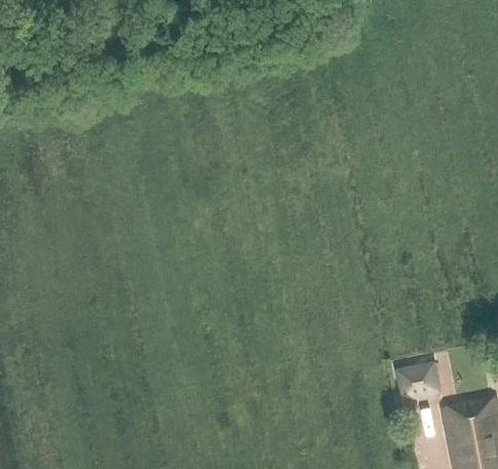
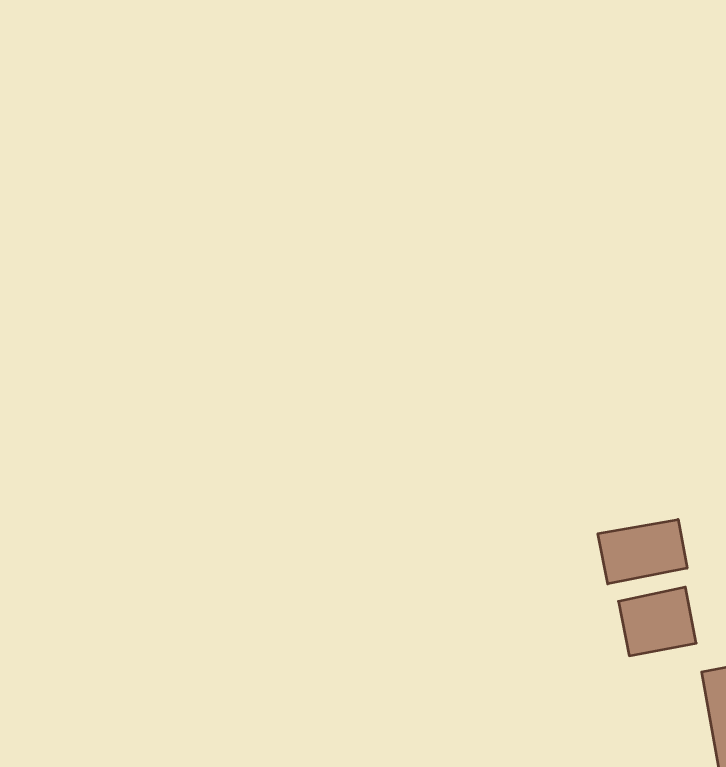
building: none -> [598,519,687,584]

